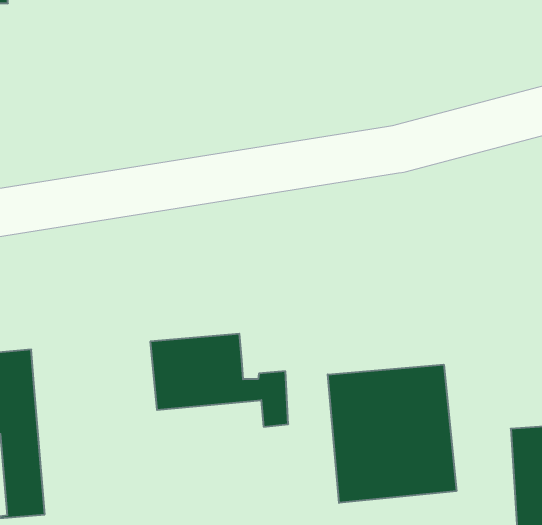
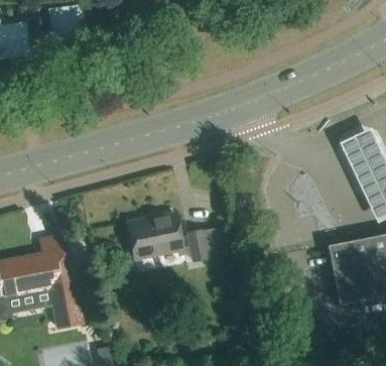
building: [328,365,456,503] -> none

